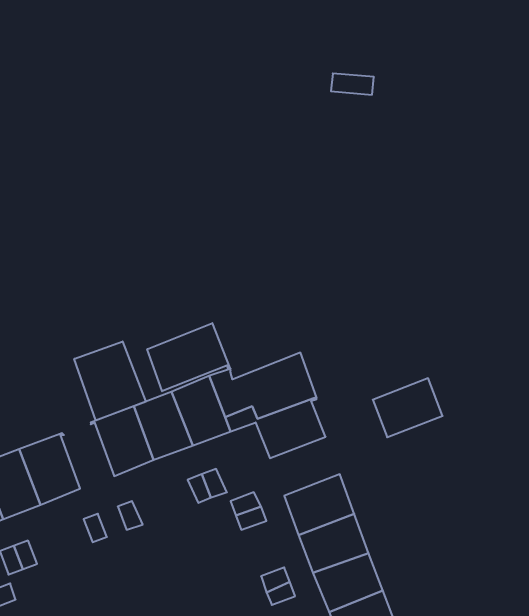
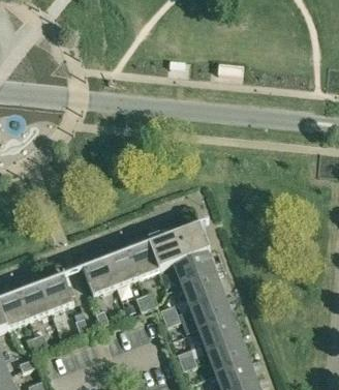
building: [147,323,230,391] -> none
building: [74,341,146,420] -> none
building: [373,378,443,437] -> [182,272,222,306]

